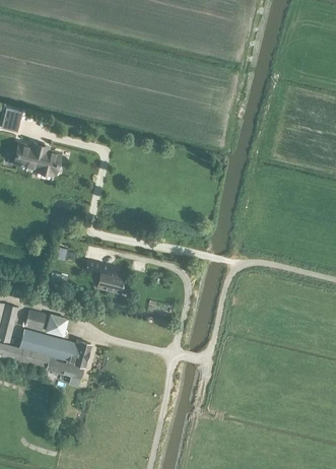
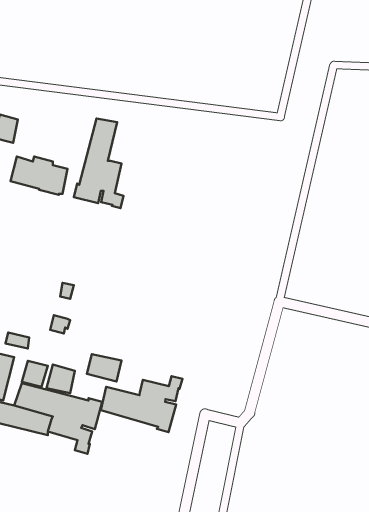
building: none -> [74,118,123,208]
building: [96,270,125,292] -> [87,354,122,381]
building: none -> [101,376,182,432]

